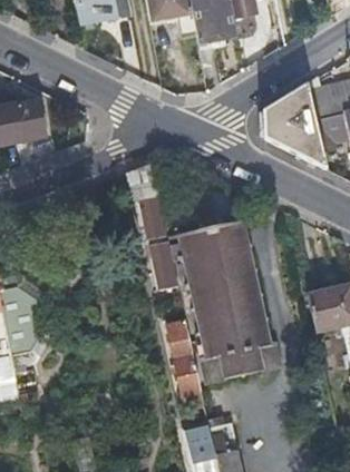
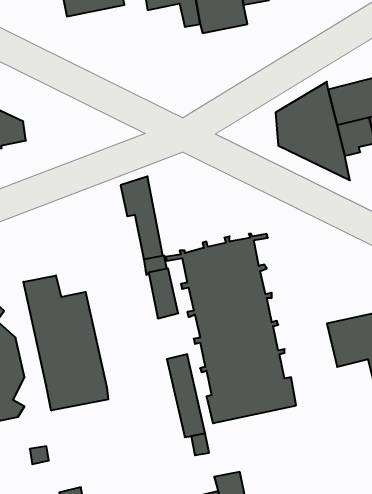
building: none -> [23,275,108,411]

